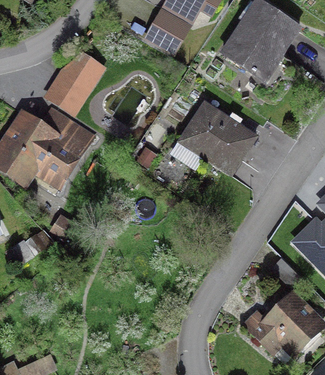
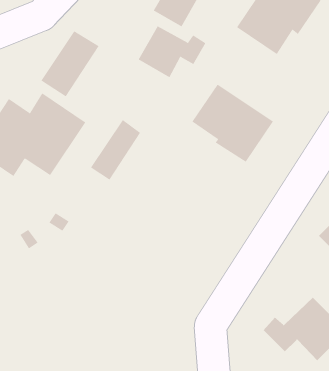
building: none -> [138,26,206,78]
building: none -> [90,119,141,181]

